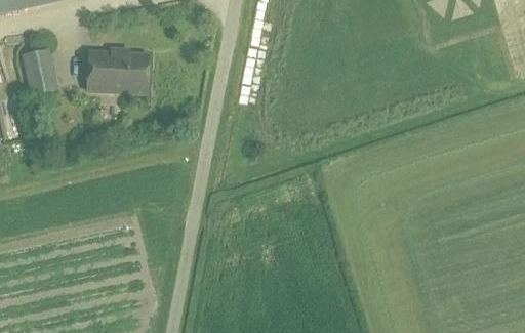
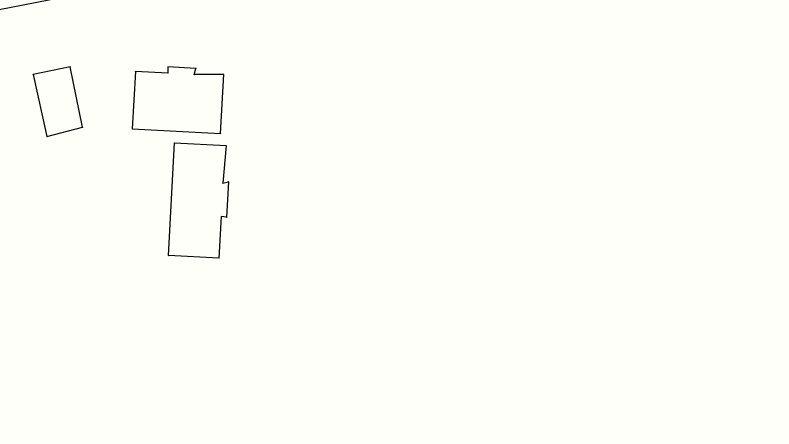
building: none -> [169,143,228,258]

